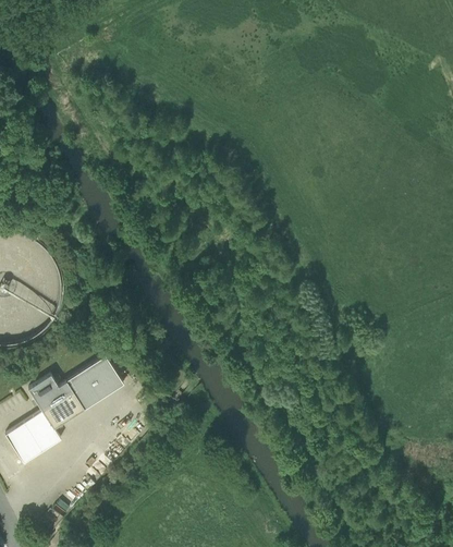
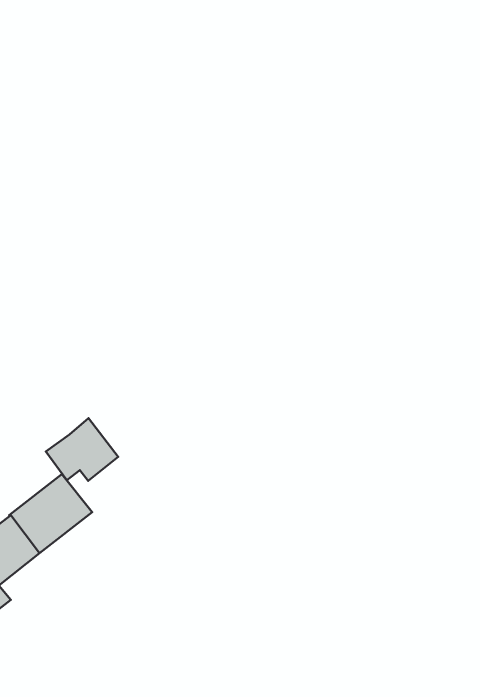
building: none -> [46,418,118,481]

